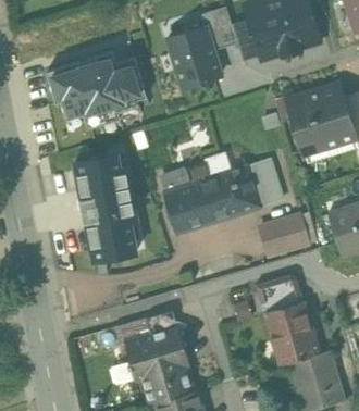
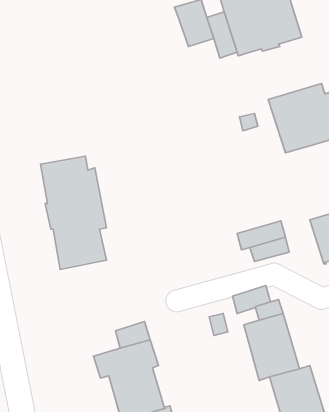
building: [168,26,221,87] -> none
building: [47,51,147,128] -> none
building: [164,160,282,234] -> none

